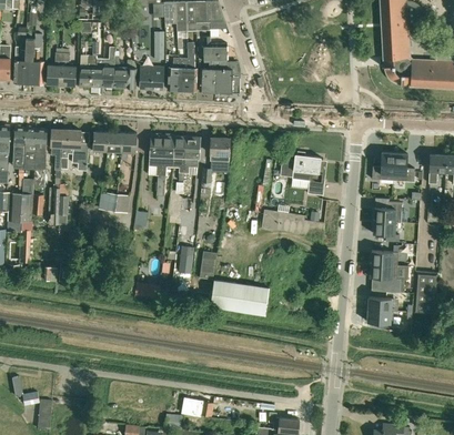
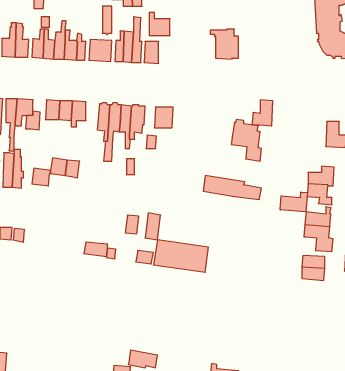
building: [209,60,239,92] -> [210,29,238,59]
building: [372,152,394,180] -> [252,100,273,126]
building: none -> [280,192,307,212]

